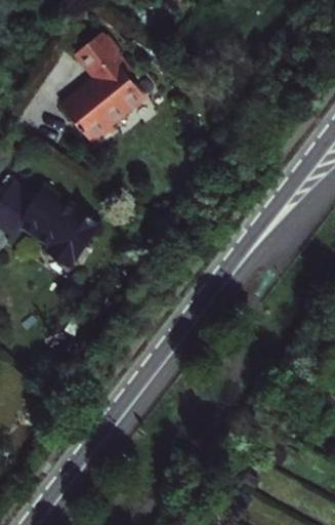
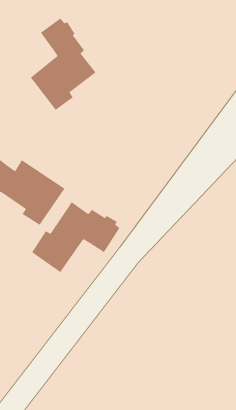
building: none -> [31,201,120,273]

